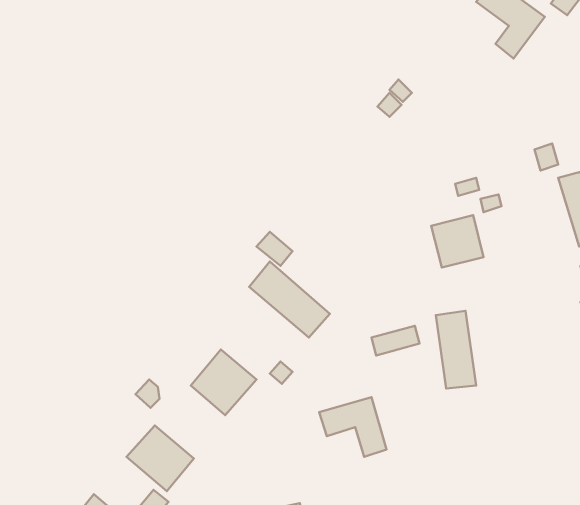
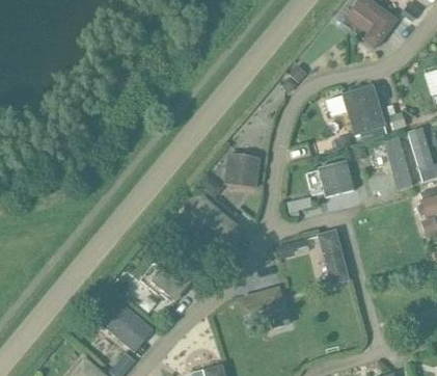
building: none -> [342,85,383,135]
building: none -> [383,134,415,188]
building: none -> [223,155,257,188]

